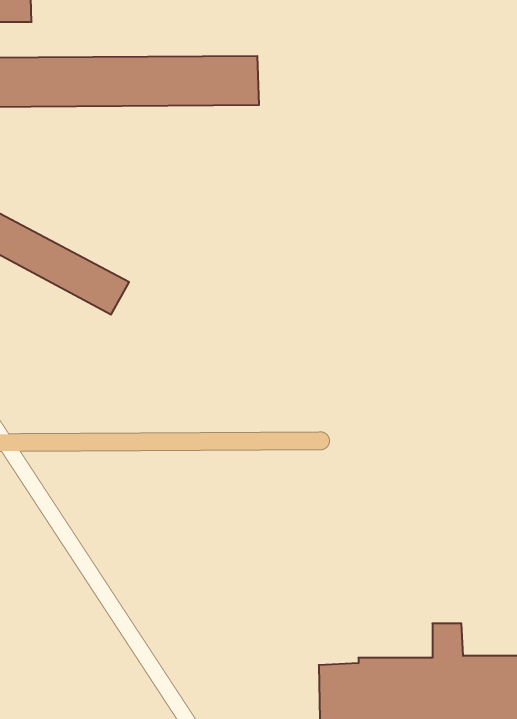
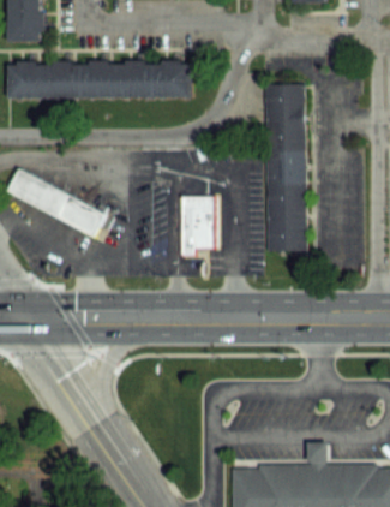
building: none -> [264,84,305,250]
building: none -> [181,195,215,255]

